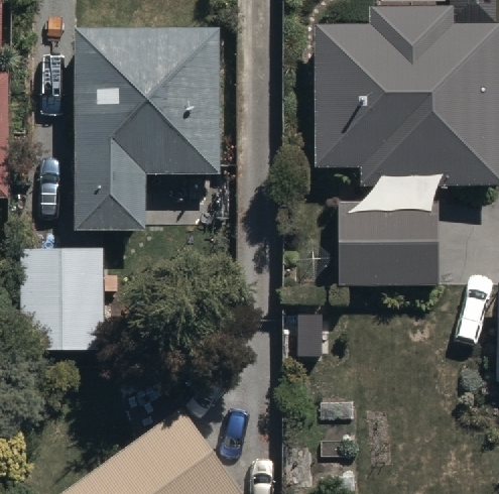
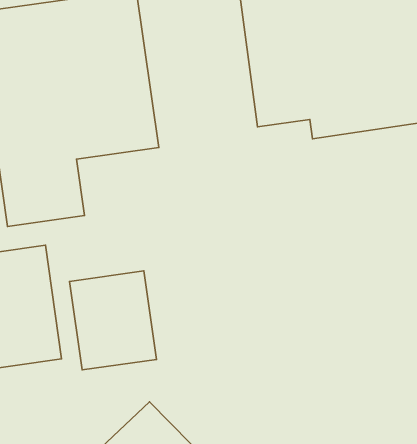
building: [331,199,438,288] -> none
building: none -> [69,271,157,370]

